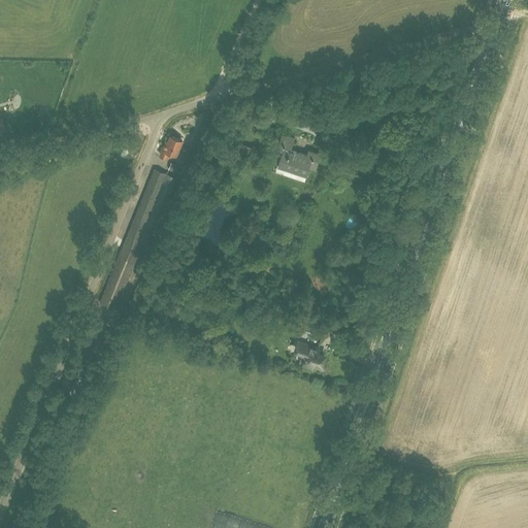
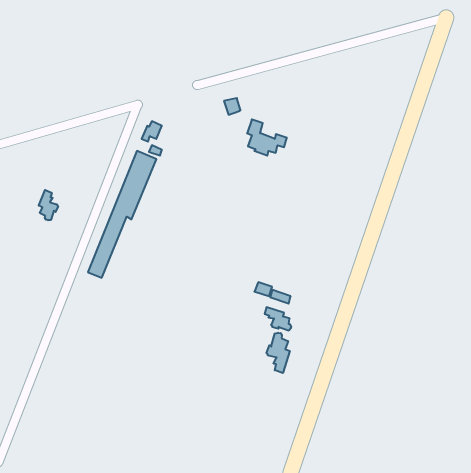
building: none -> [39,190,58,220]
building: none -> [267,333,290,373]

